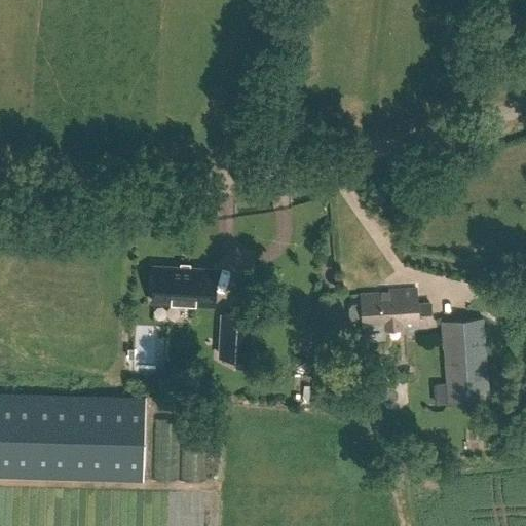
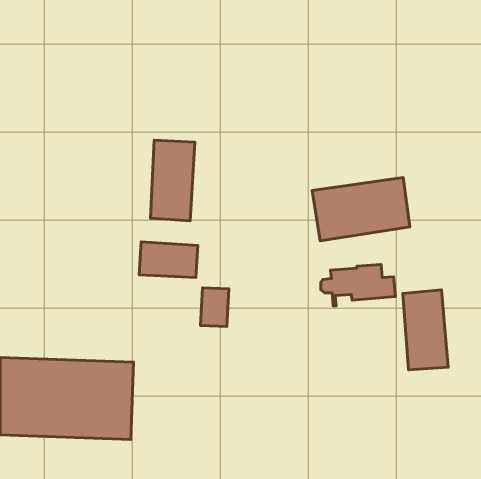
building: none -> [151,140,195,221]
building: none -> [312,178,410,241]

